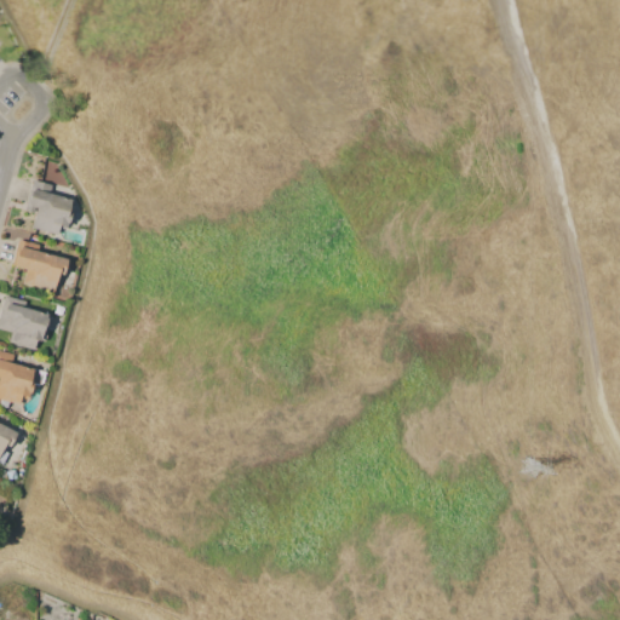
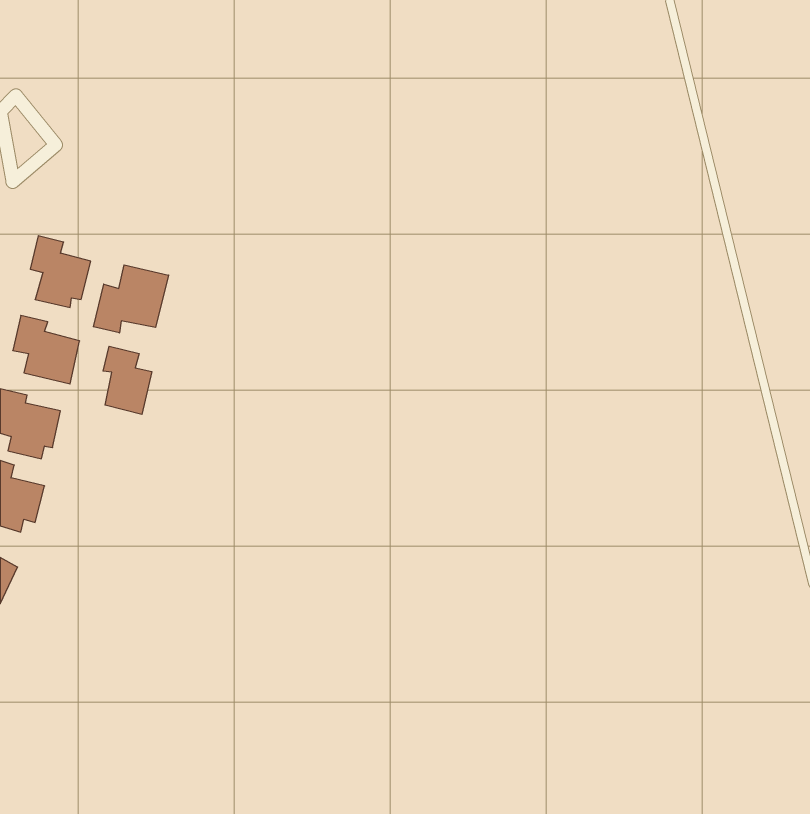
building: none -> [93,265,169,333]
building: none -> [103,346,152,414]

